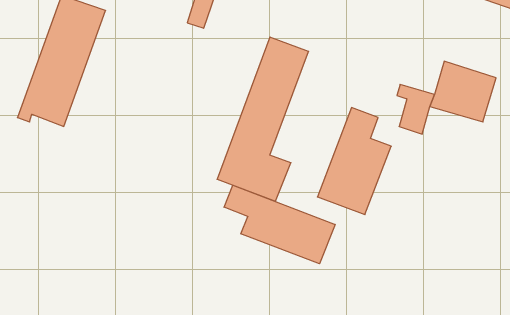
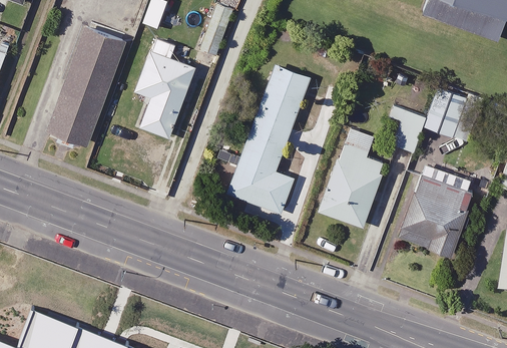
building: none -> [135,38,195,137]
building: none -> [399,164,475,255]
building: [224,185,335,264] -> none

